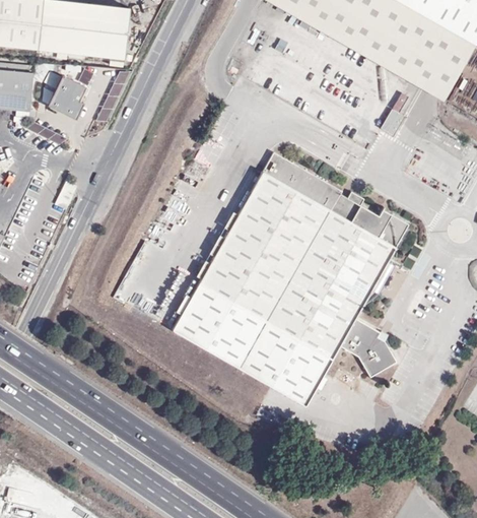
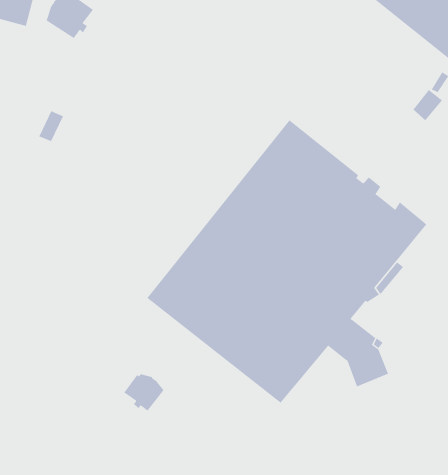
building: none -> [123,374,164,411]

